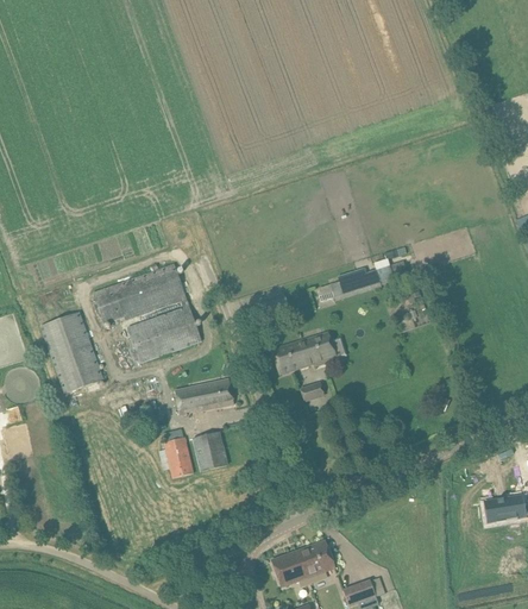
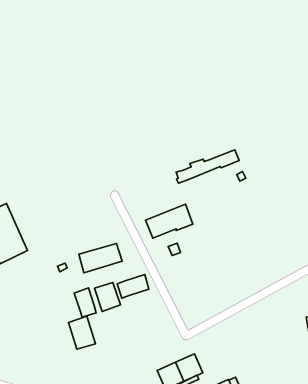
building: [94,263,201,362] -> none
building: none -> [117,274,149,298]
building: none -> [68,316,96,349]

